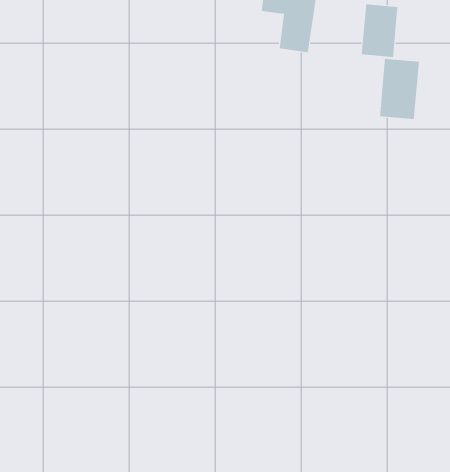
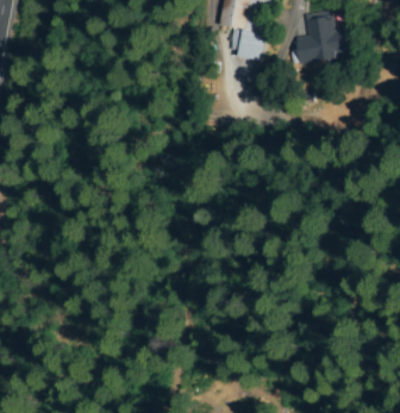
building: [379,58,419,120] -> none

